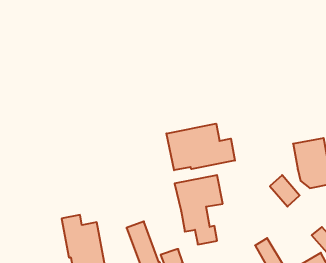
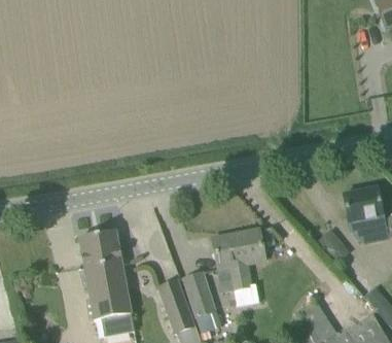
building: [166,124,235,170] -> none
building: none -> [79,230,126,283]
building: none -> [184,271,215,316]

